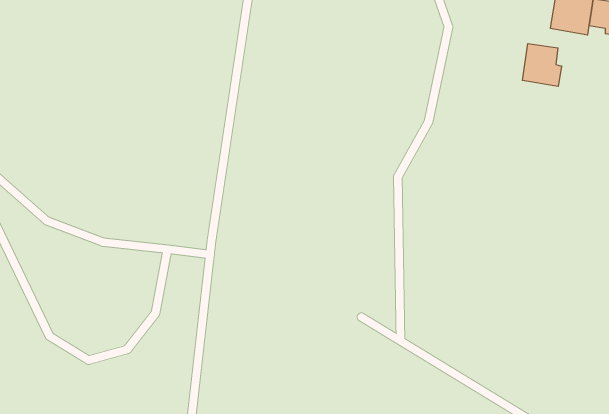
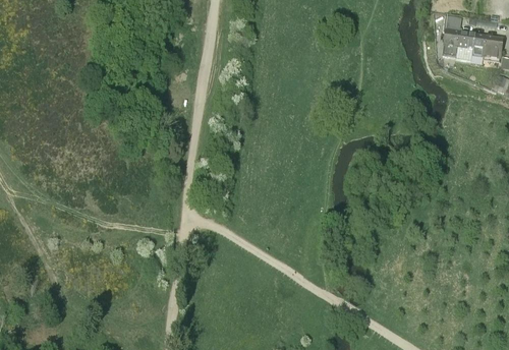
building: [522,44,562,86] -> none

